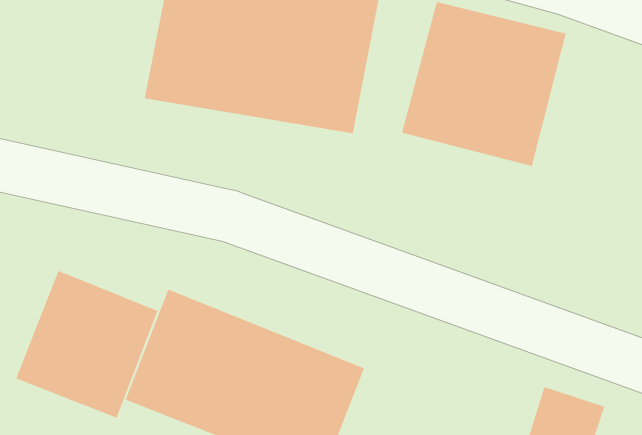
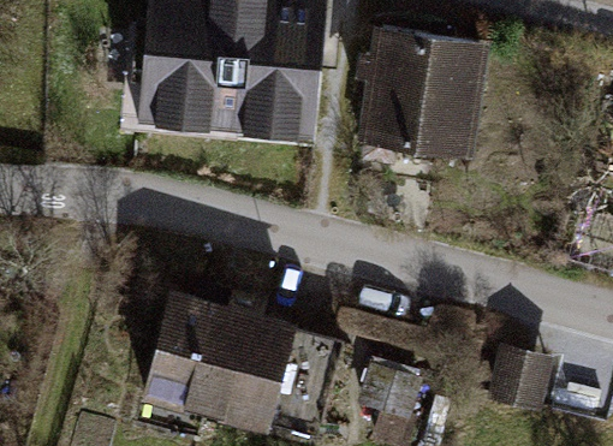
building: [15,270,158,419] -> none

